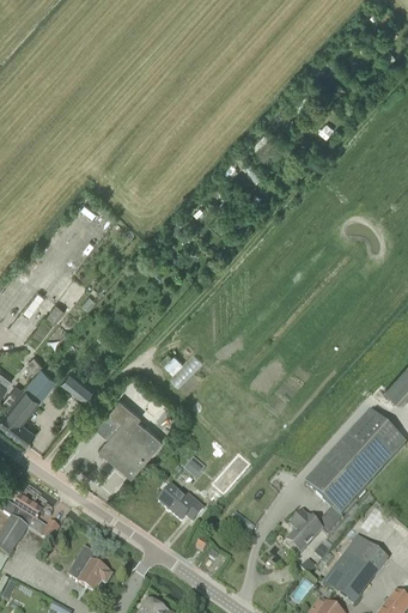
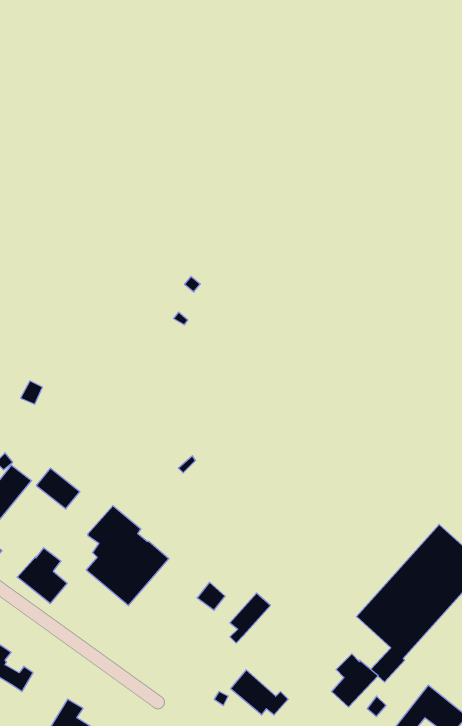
building: none -> [17,548,67,604]
building: [158,485,202,520] -> [231,670,288,715]

